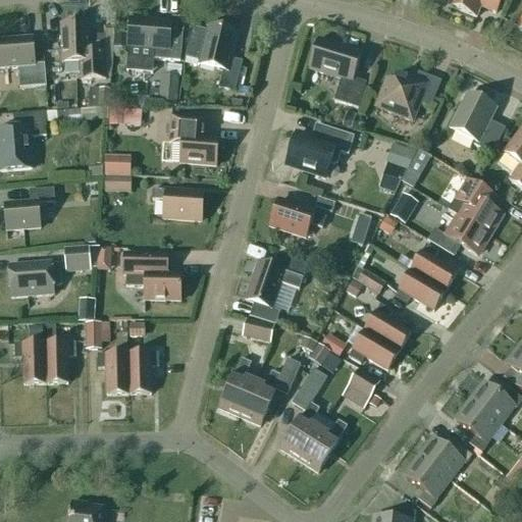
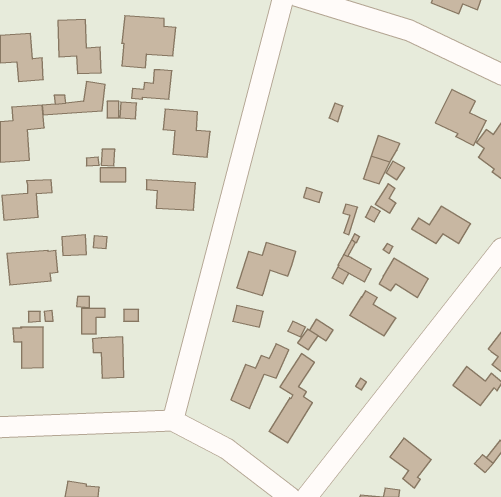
building: [187,23,243,89] -> none
building: [310,37,367,106] -> none
building: [377,68,441,118] -> none
building: [286,124,355,175] -> none
building: [449,177,502,232] -> none
building: [271,198,326,234] -> none
building: [410,242,458,290] -> none
building: [123,251,181,298] -> none
building: [349,327,400,368] -> none
building: [46,340,76,381] -> none
building: [128,350,159,392] -> none
building: [220,356,256,415] -> none
building: [348,367,379,398] -> none
building: [457,400,500,451] -> none
building: [300,418,347,471] -> none
building: [420,436,473,477] -> none

